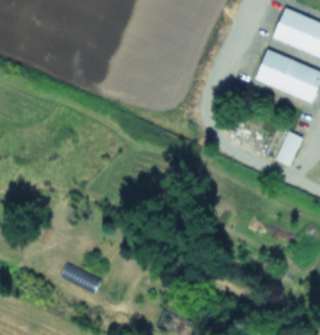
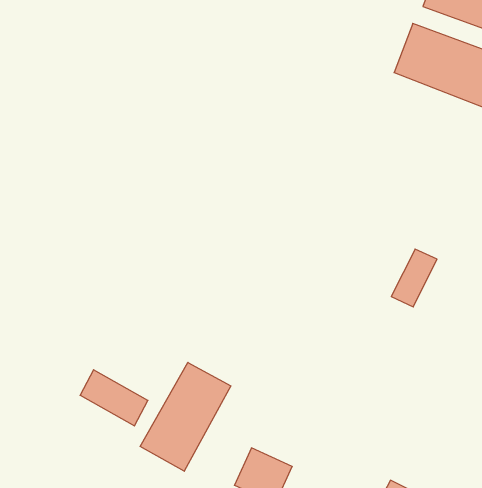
building: [274,130,302,165] -> [391,249,437,307]
building: none -> [140,362,231,471]

